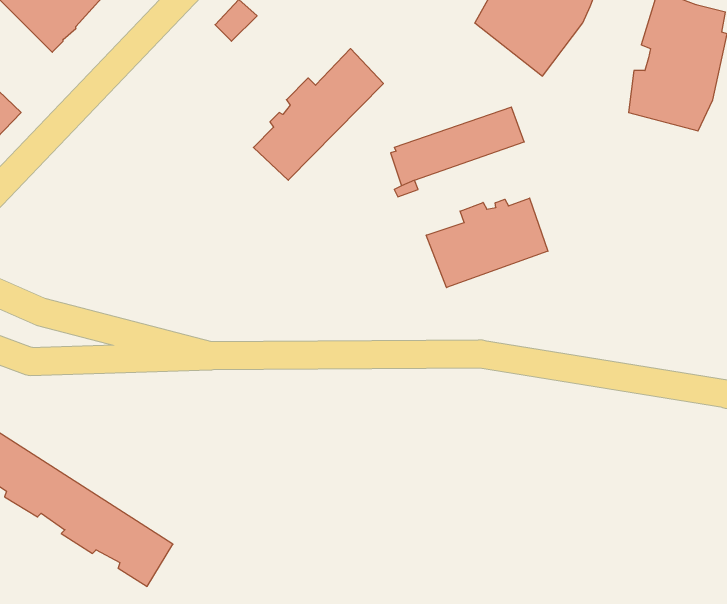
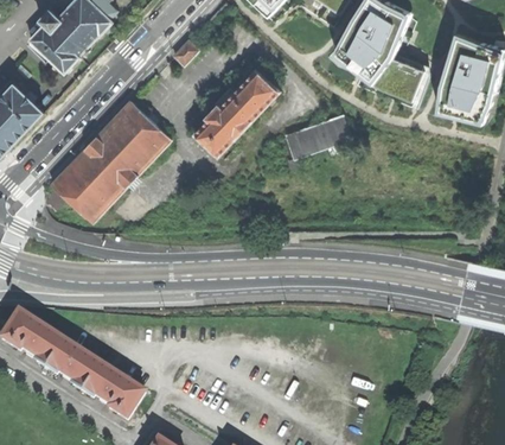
building: none -> [43,101,170,224]
building: [426,198,548,288] -> none

